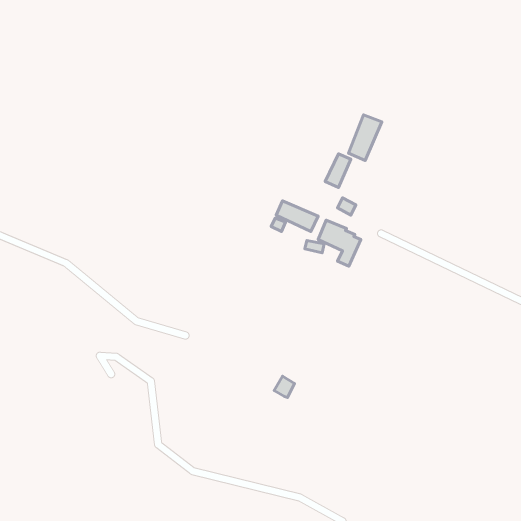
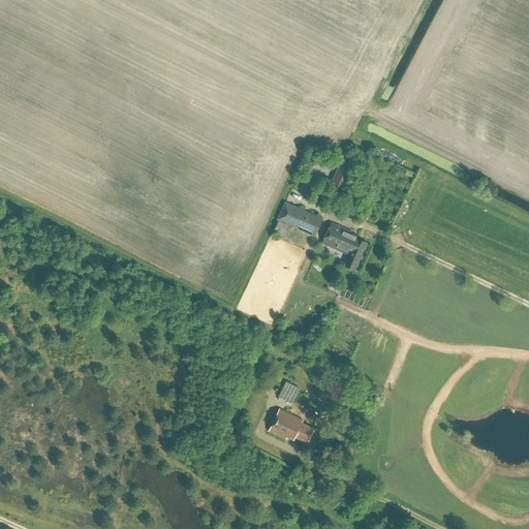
building: [349,115,382,160] -> none
building: none -> [269,409,314,443]

